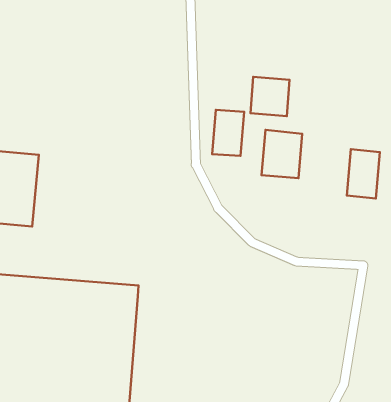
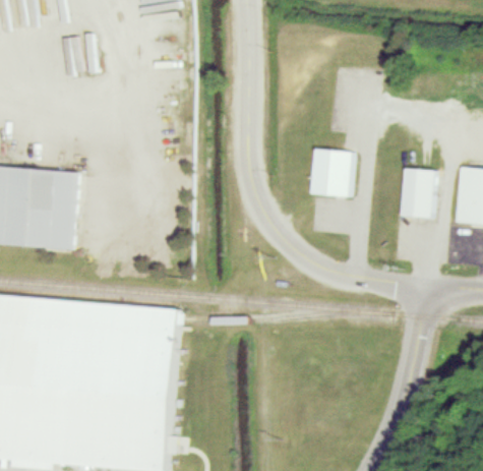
building: [251,77,290,116] -> none
building: [212,110,244,156] -> none

